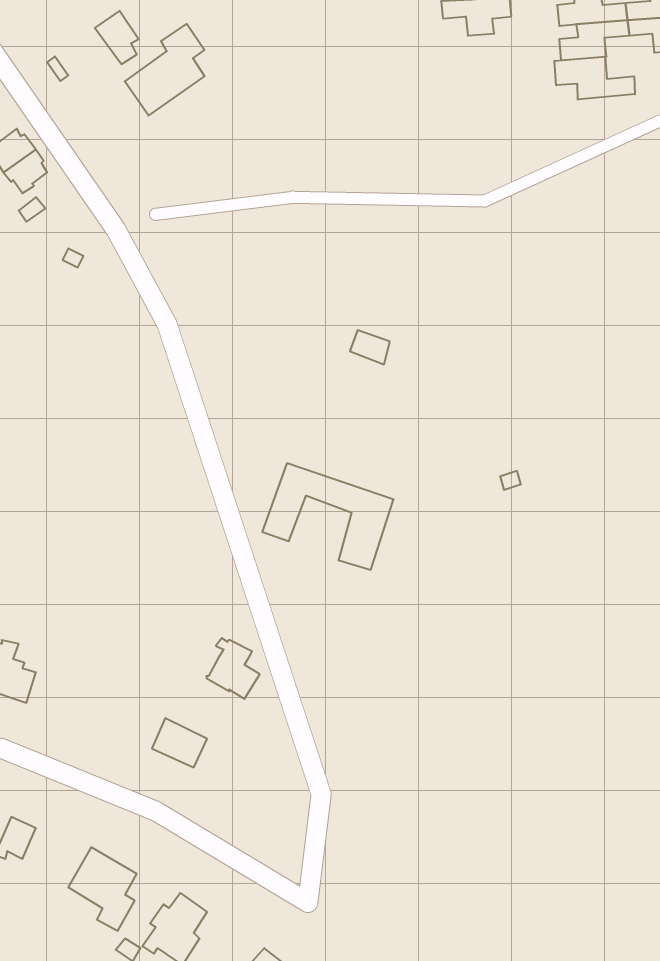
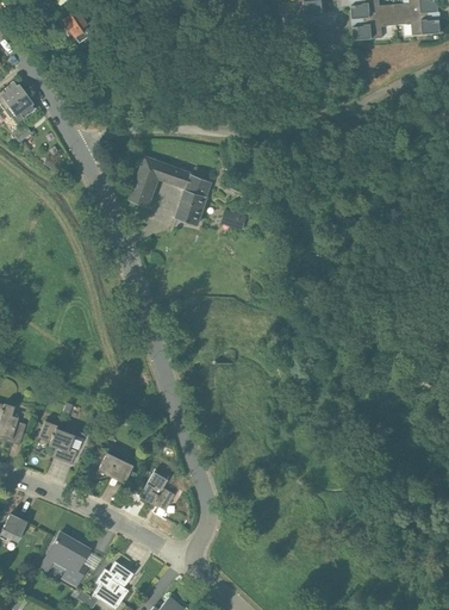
building: [125,24,204,116] -> none
building: [554,57,635,100] -> none
building: [262,463,394,570] -> [130,156,212,223]
building: [206,638,260,699] -> [138,471,172,509]
building: none -> [37,419,76,465]

